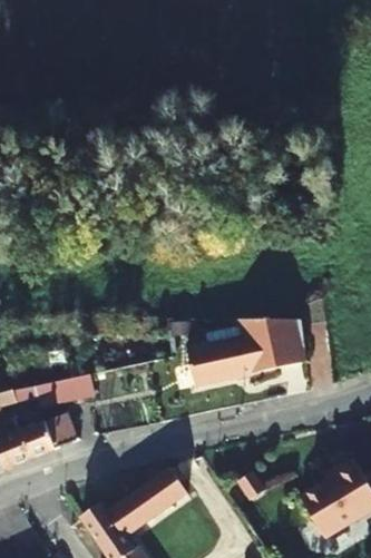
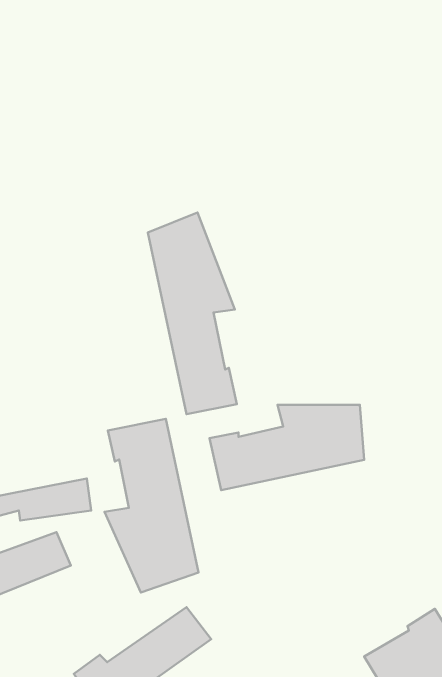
building: none -> [148,213,237,414]
building: none -> [104,419,198,593]

